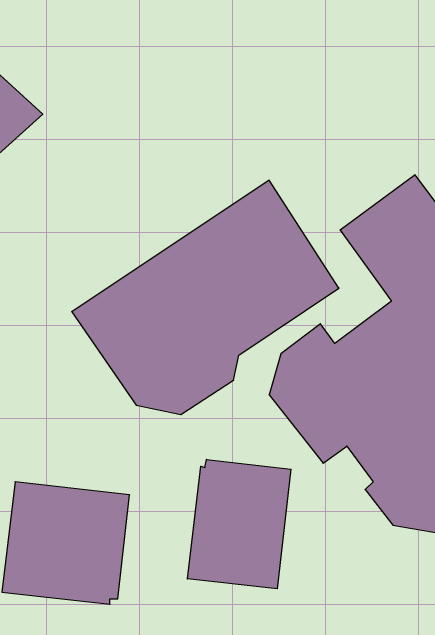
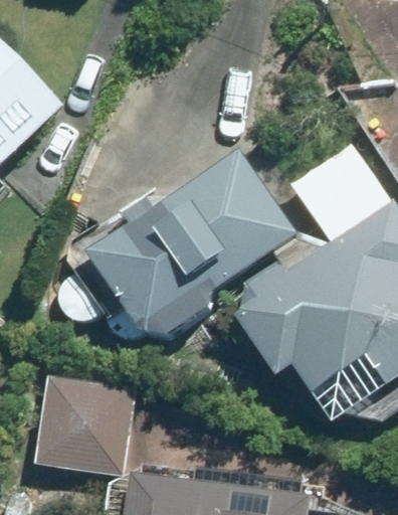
building: [187,459,291,589] -> none

